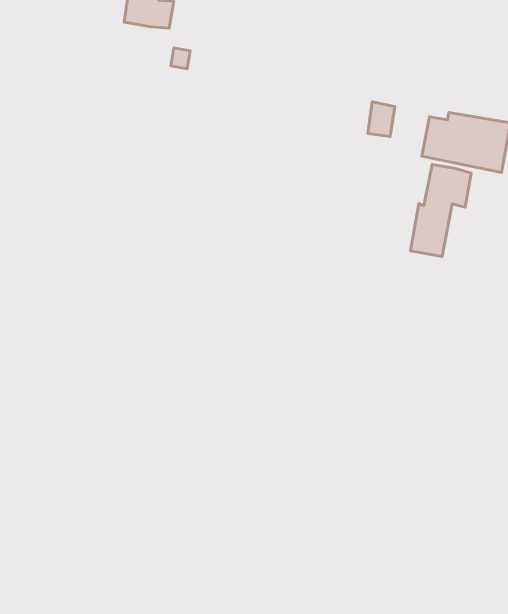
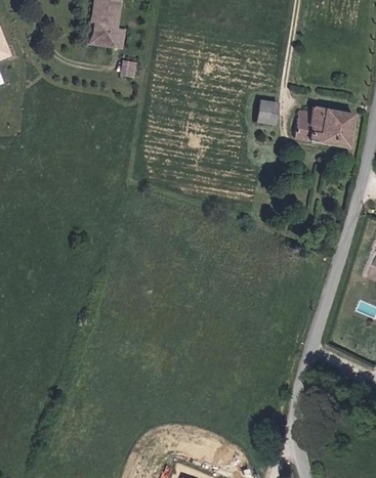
building: [410,164,471,256] -> none

